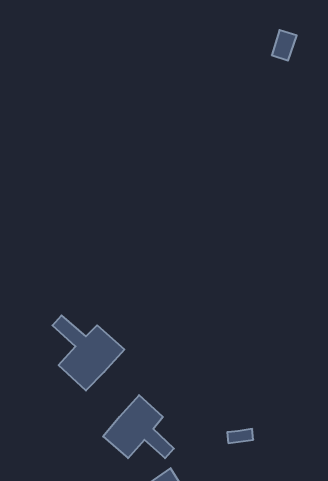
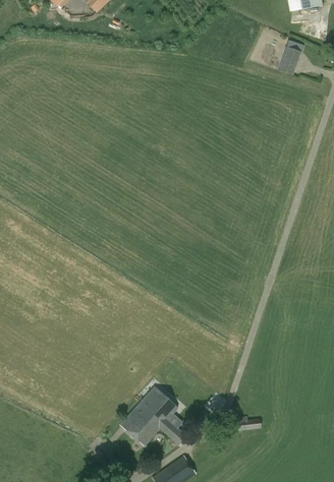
building: [52,315,124,391] -> none

